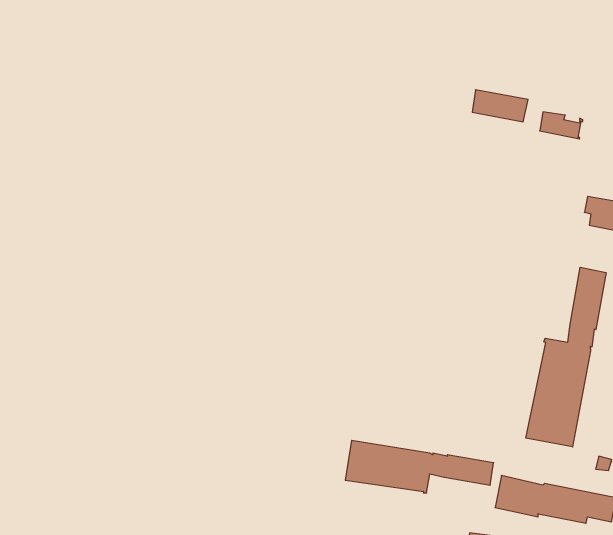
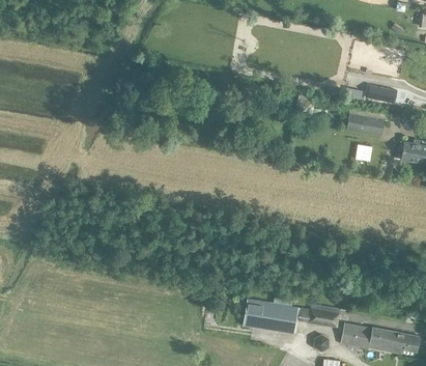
building: [472,90,528,122] -> [347,113,384,134]
building: [526,267,606,447] -> none

